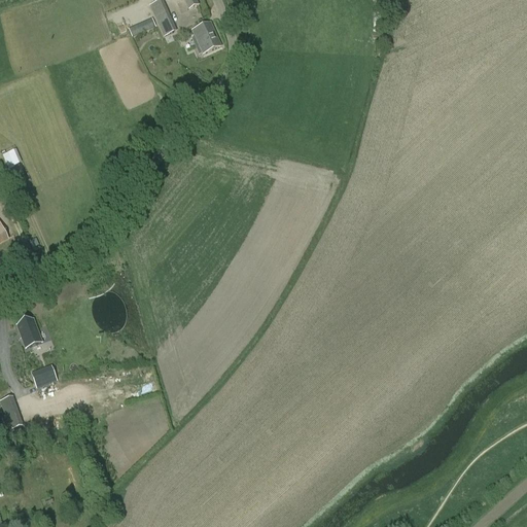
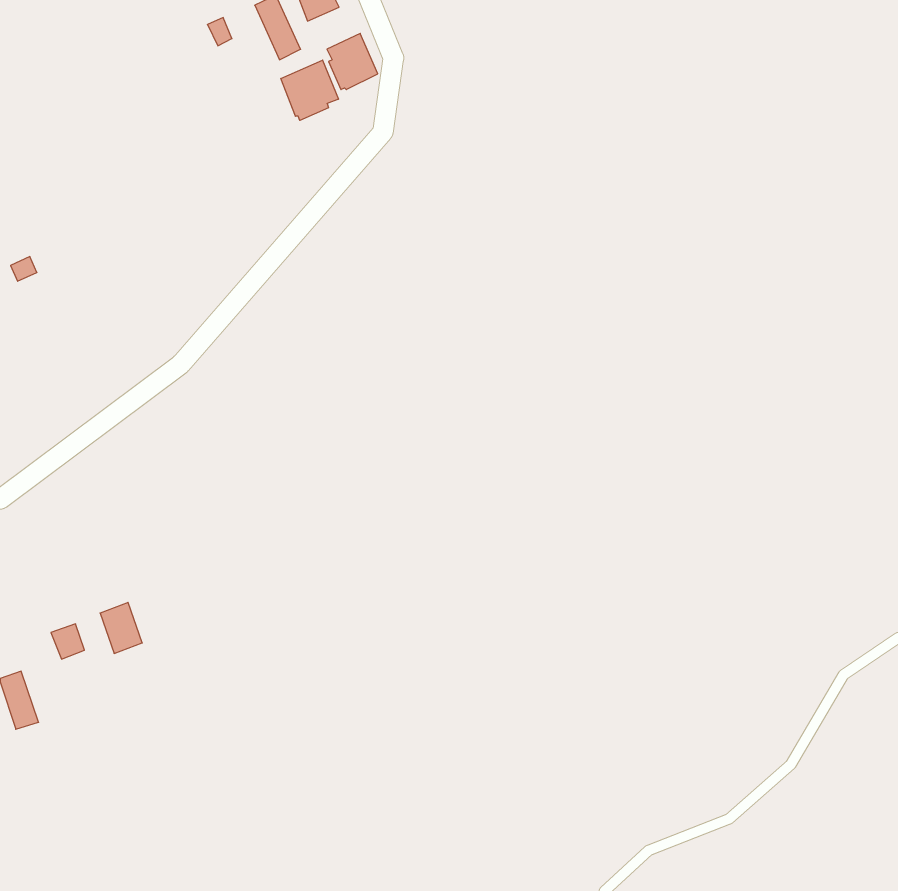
building: none -> [281,60,338,120]
building: [16,317,41,347] -> [100,602,142,653]

